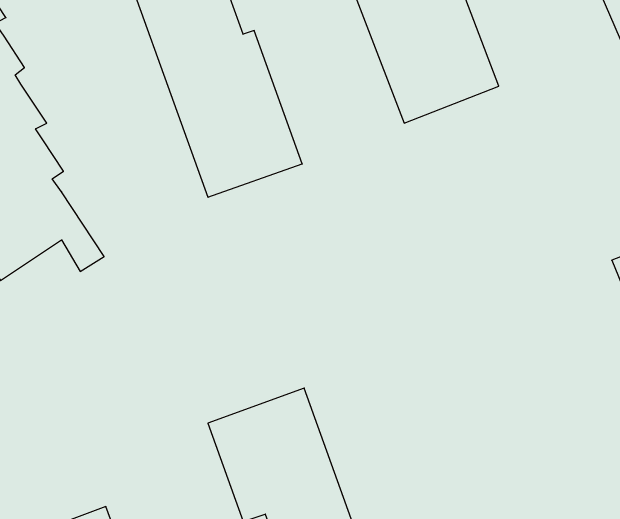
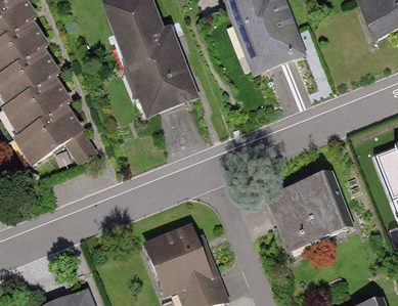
building: none -> [263,173,353,253]

